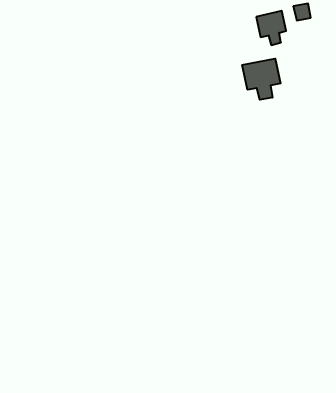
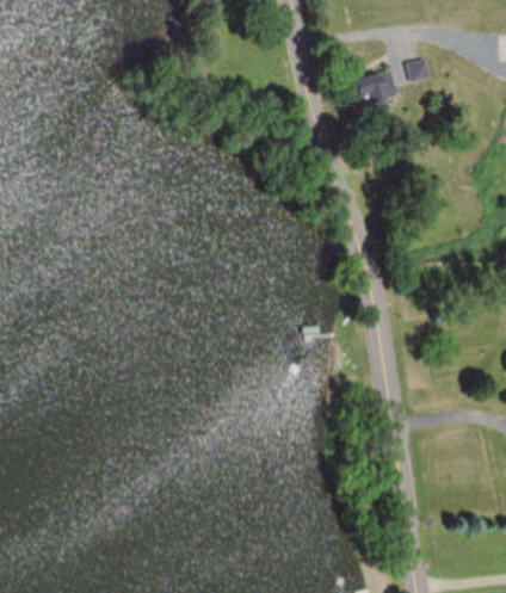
building: [242,59,281,100] -> none

